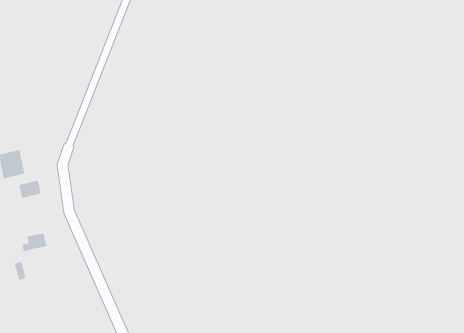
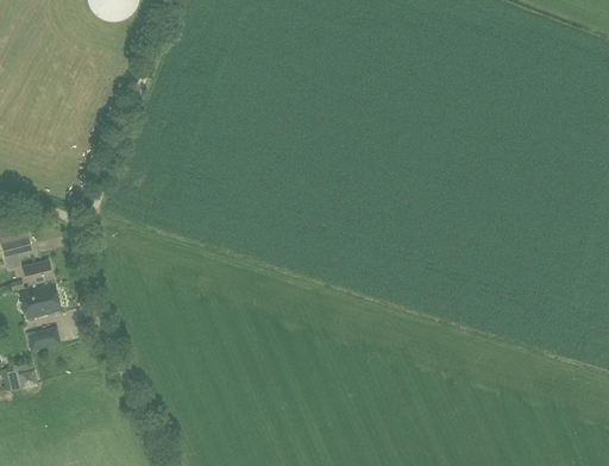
building: none -> [20,283,61,319]

